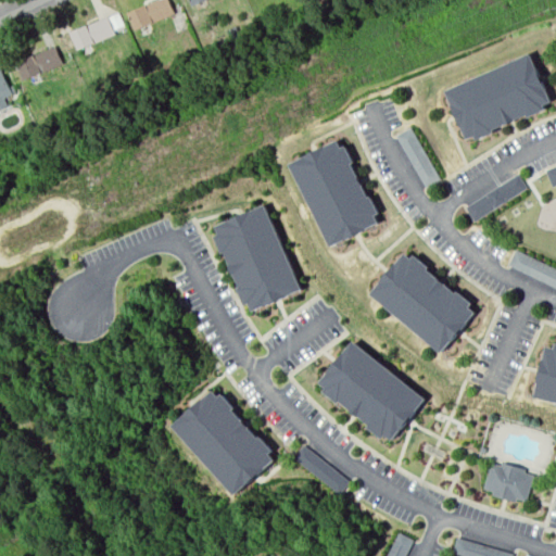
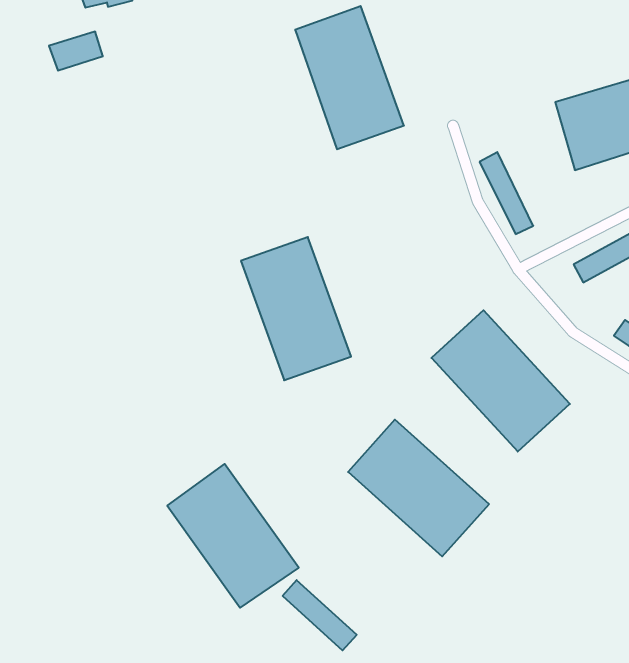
building: [17,47,60,79] -> [49,32,103,71]
building: [288,137,378,249] -> [295,6,404,149]
building: [292,445,352,496] -> [283,580,357,650]
building: [480,462,531,506] -> none

